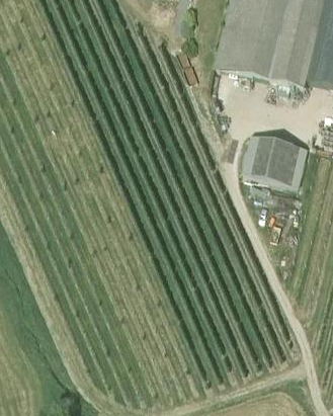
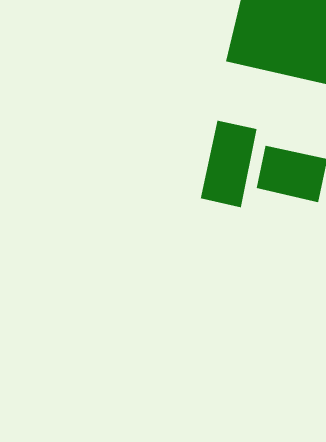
building: none -> [200,120,257,208]

